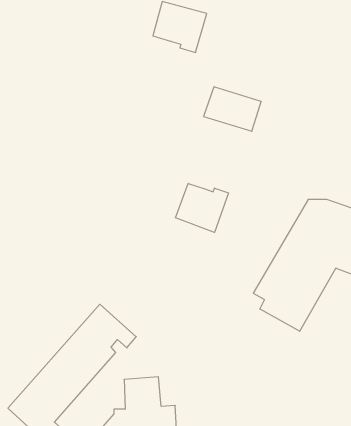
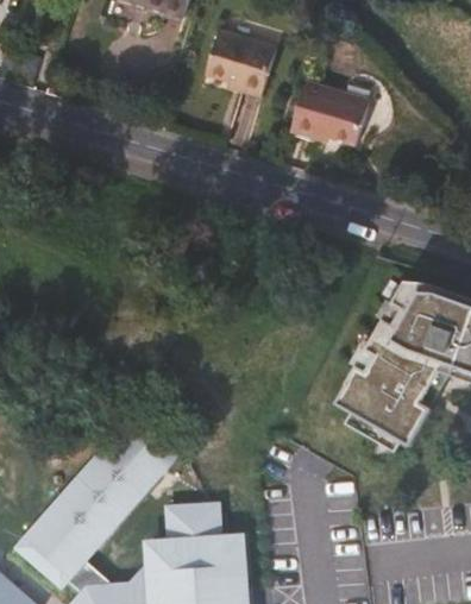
building: [204,87,261,131] -> [290,88,364,145]
building: [175,183,229,232] -> none

